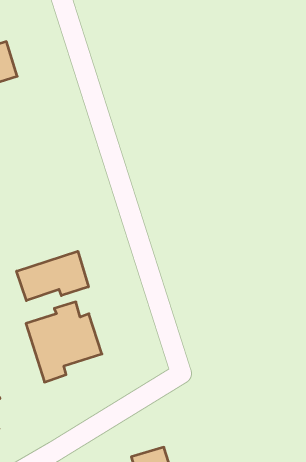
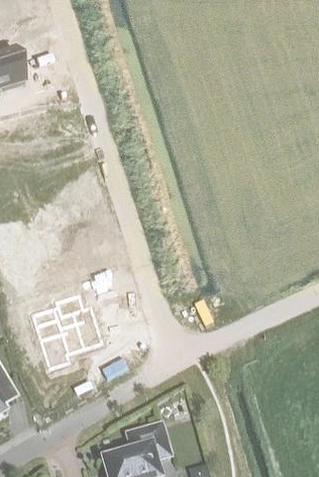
building: [17,251,88,301] -> none

